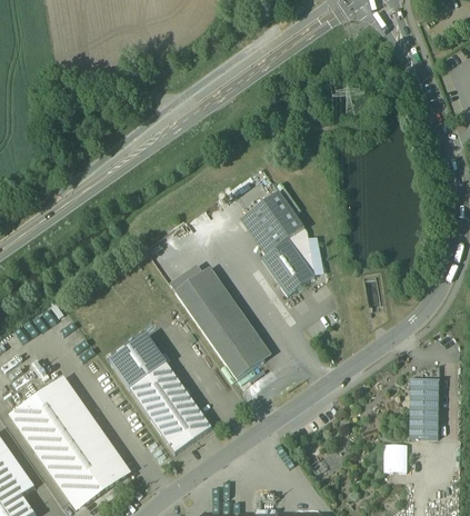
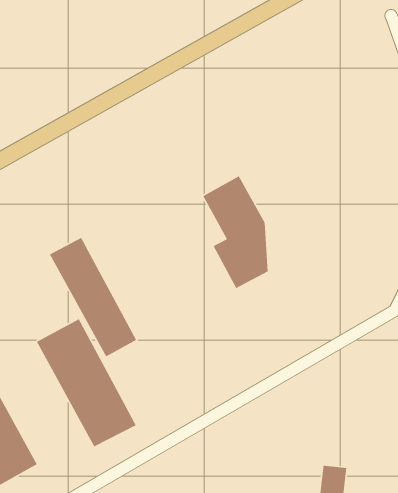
building: [174,270,263,377] -> [49,237,137,358]
building: [409,378,439,436] -> none

